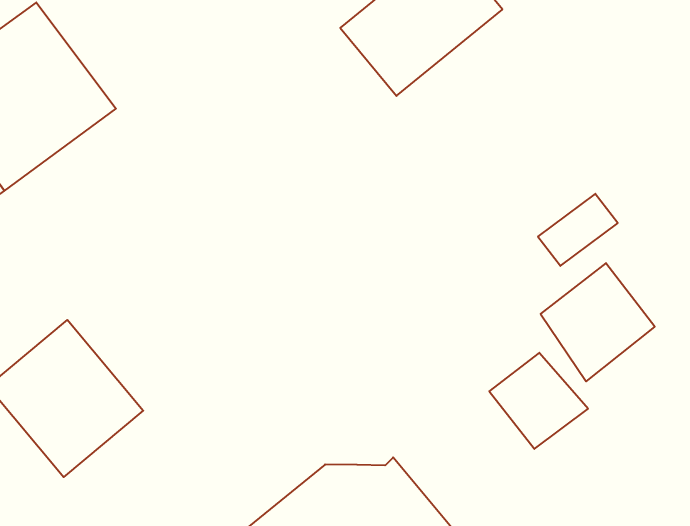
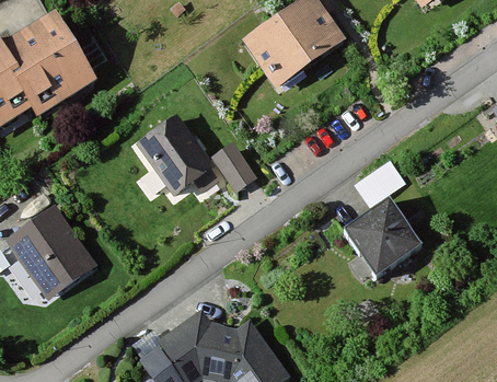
building: none -> [130,109,215,202]
building: none -> [211,140,257,188]
building: [489,353,588,449] -> none

